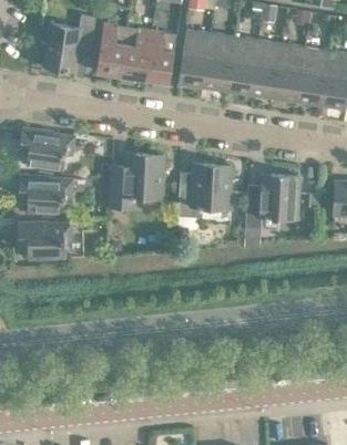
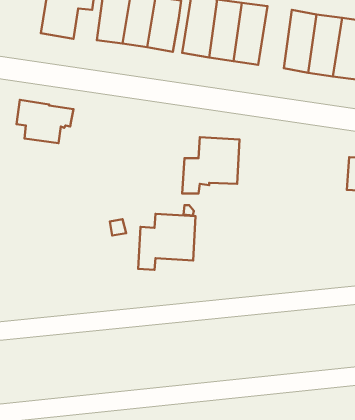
building: [249,40,282,99] -> none
building: [110,154,164,207] -> [138,214,195,270]
building: [245,175,299,228] -> none
building: [20,176,72,214] -> none
building: [19,222,71,259] -> none

